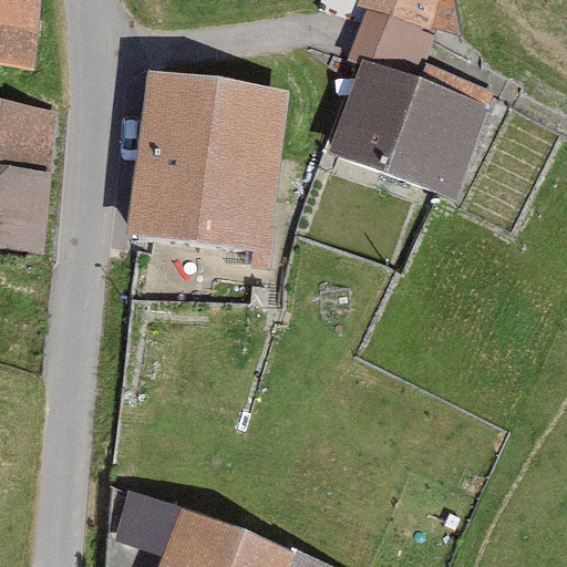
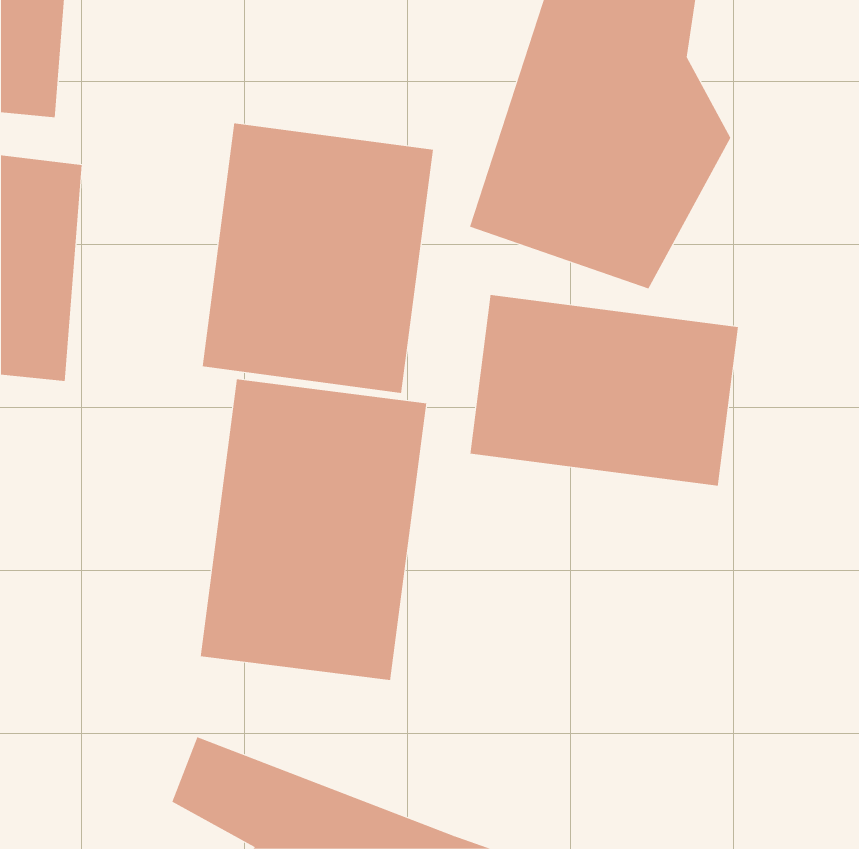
building: none -> [470,294,739,487]
building: none -> [200,379,427,681]

